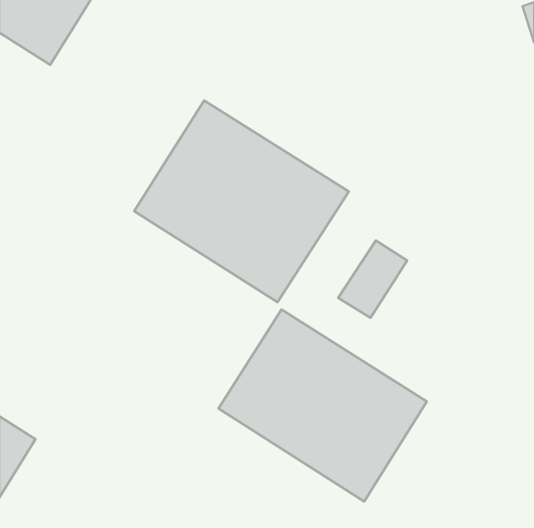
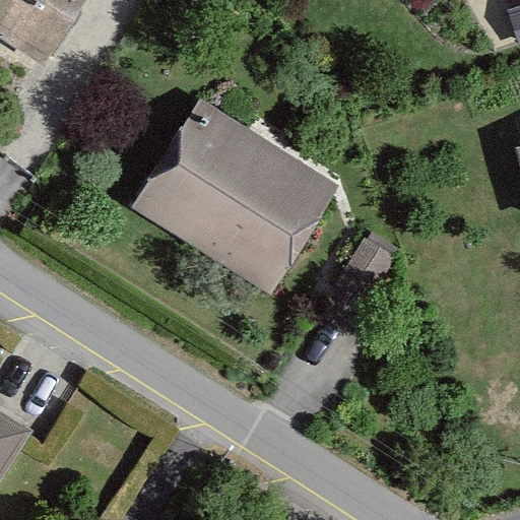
building: [218,310,427,501] -> none

